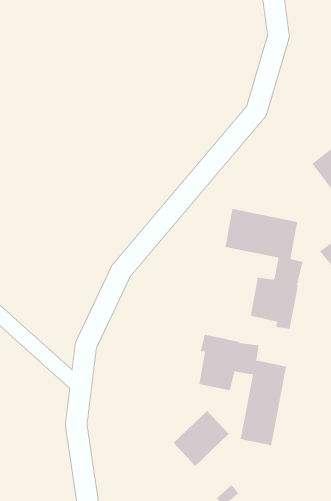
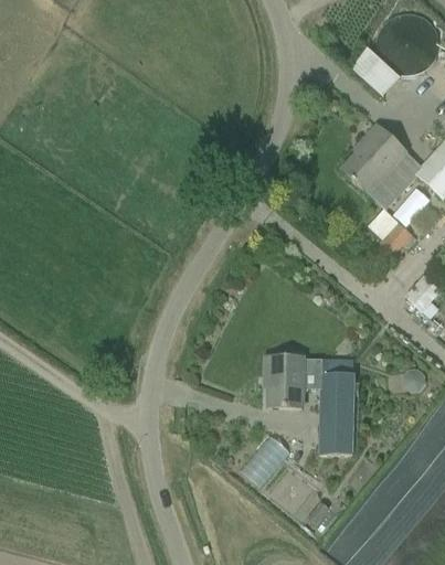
building: [225,208,303,329] -> none

